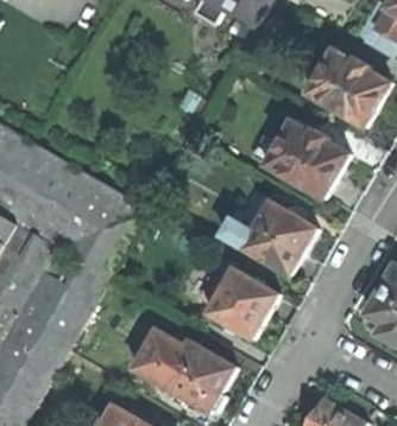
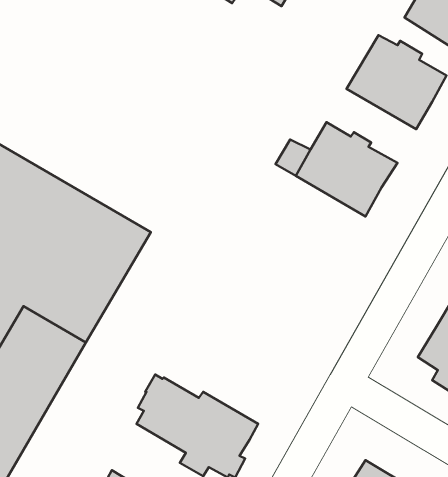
building: [221,202,315,274] -> none
building: [208,263,277,338] -> none

